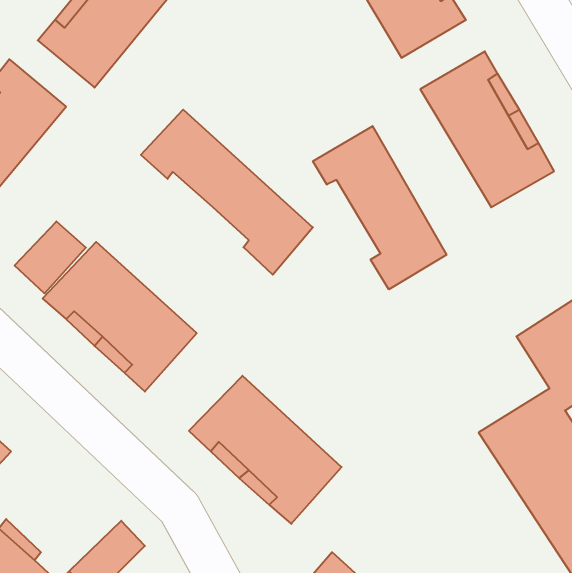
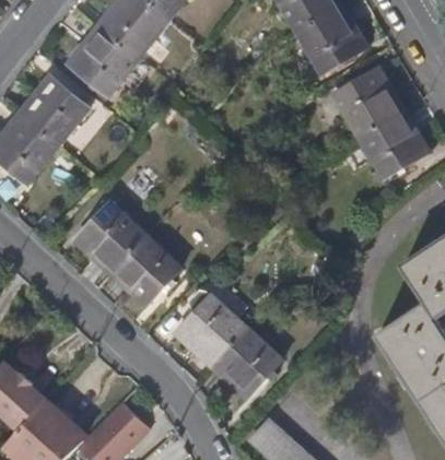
building: [141,110,313,275] -> none
building: [313,126,446,289] -> none
building: [15,221,86,293] -> none

